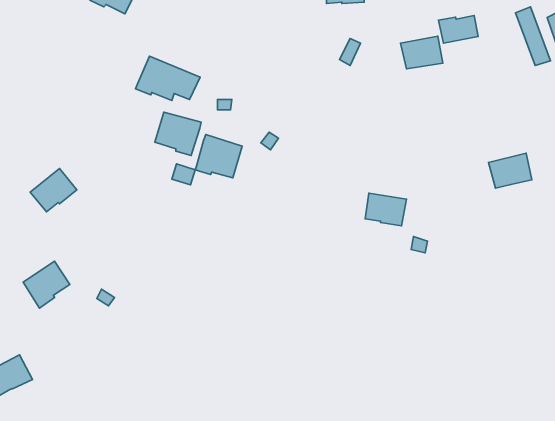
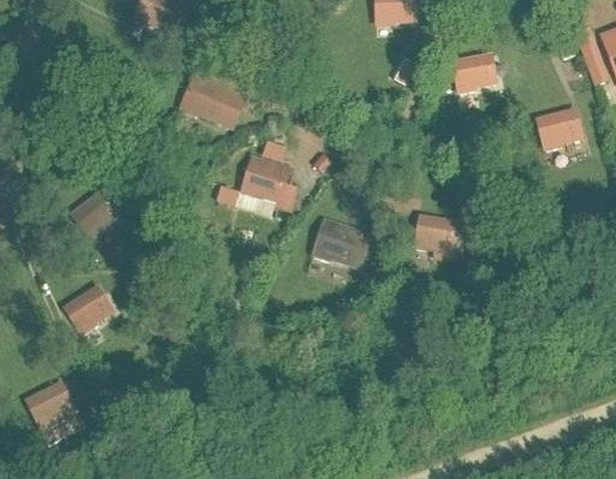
building: [438,16,478,43] -> none
building: [155,112,201,156] -> none
building: [489,153,532,188] -> [537,108,581,144]
building: none -> [313,218,367,266]

